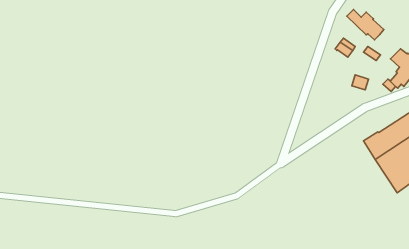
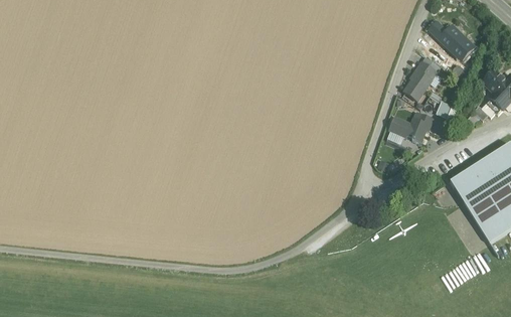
building: none -> [404,70,432,101]
building: none -> [389,114,433,143]

